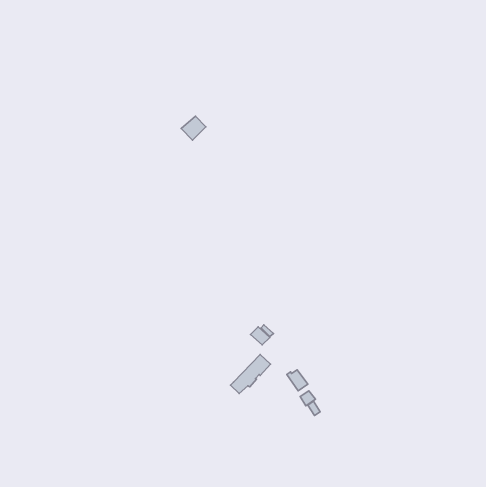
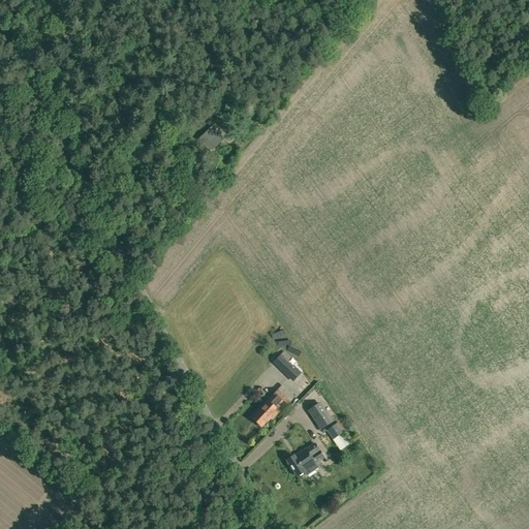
building: none -> [285,443,321,476]

